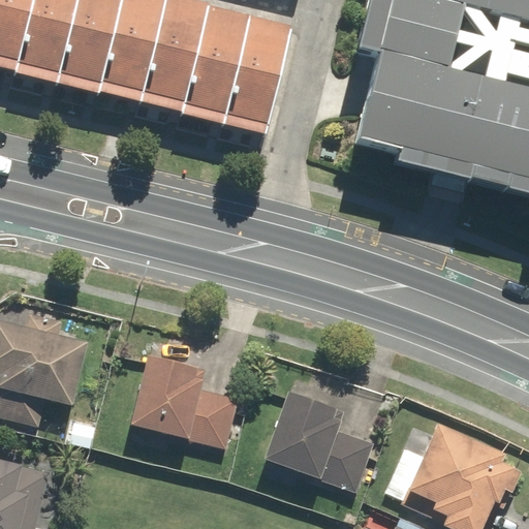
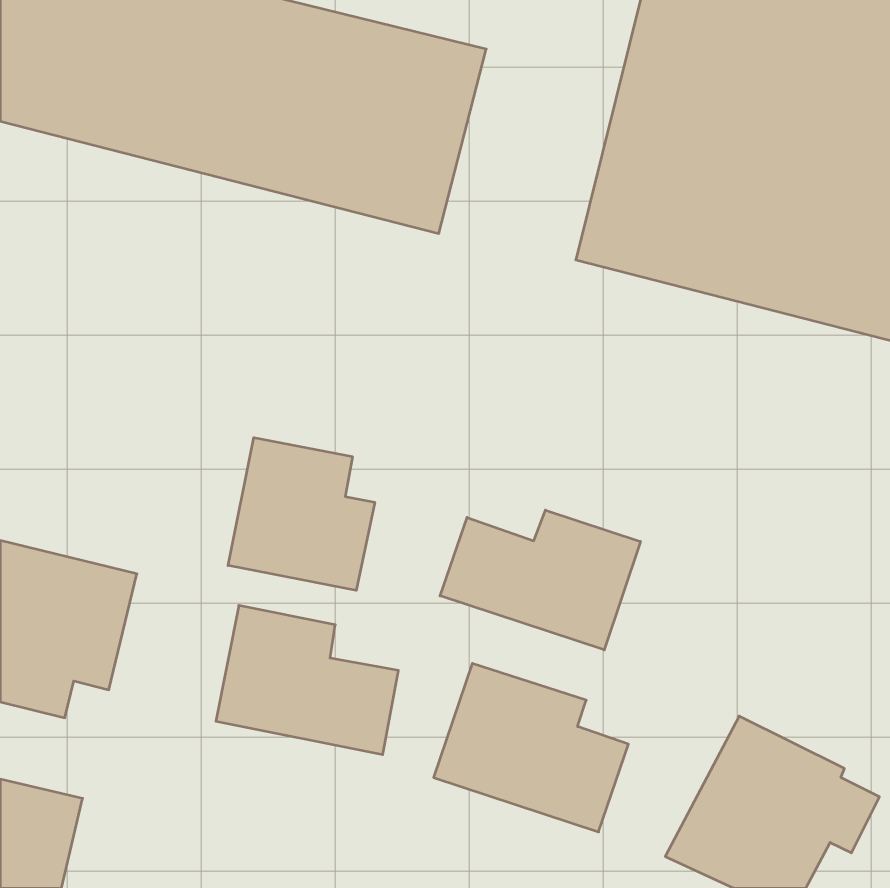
building: none -> [228,438,375,590]
building: none -> [440,510,640,650]

